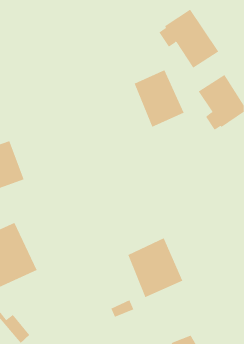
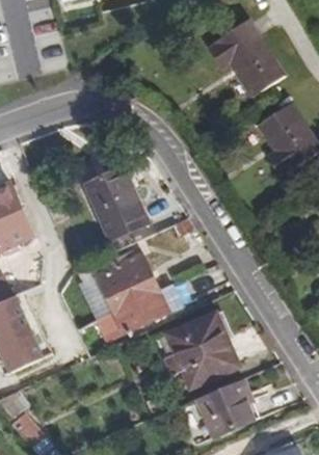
building: [134,70,184,128] -> [87,166,152,240]
building: none -> [98,255,169,332]
building: none -> [195,377,257,441]

